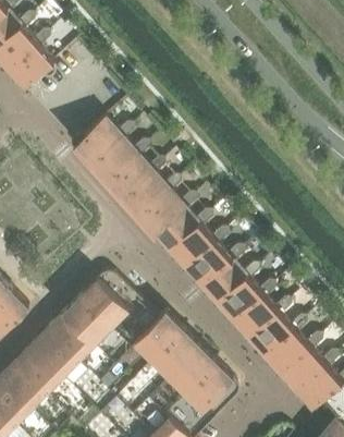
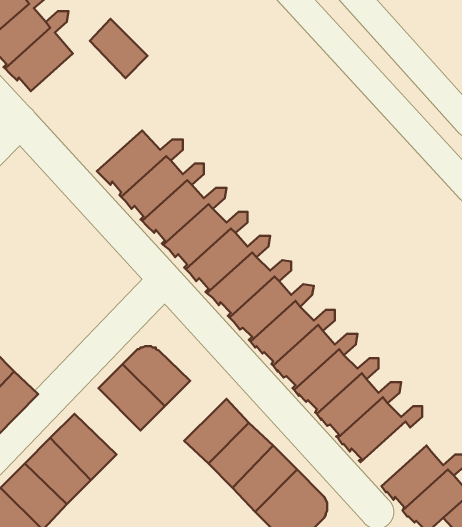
building: none -> [90,19,148,78]
building: [54,304,102,352] -> none
building: [261,328,322,375] -> none

